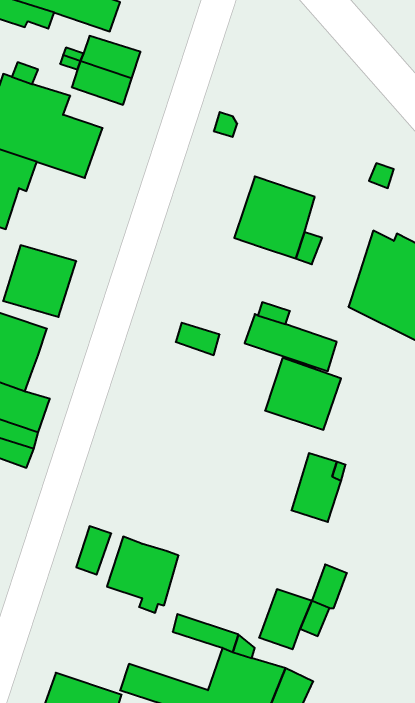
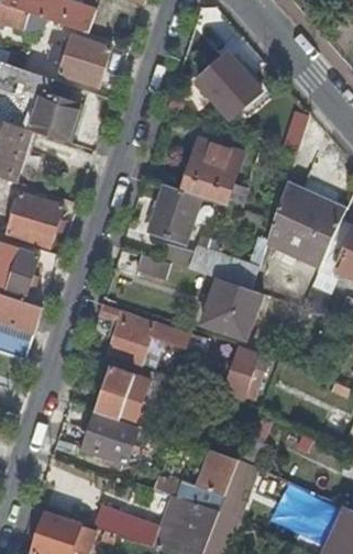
building: none -> [198,54,260,117]
building: none -> [148,182,200,242]
building: none -> [97,302,191,362]
building: none -> [97,367,150,423]

